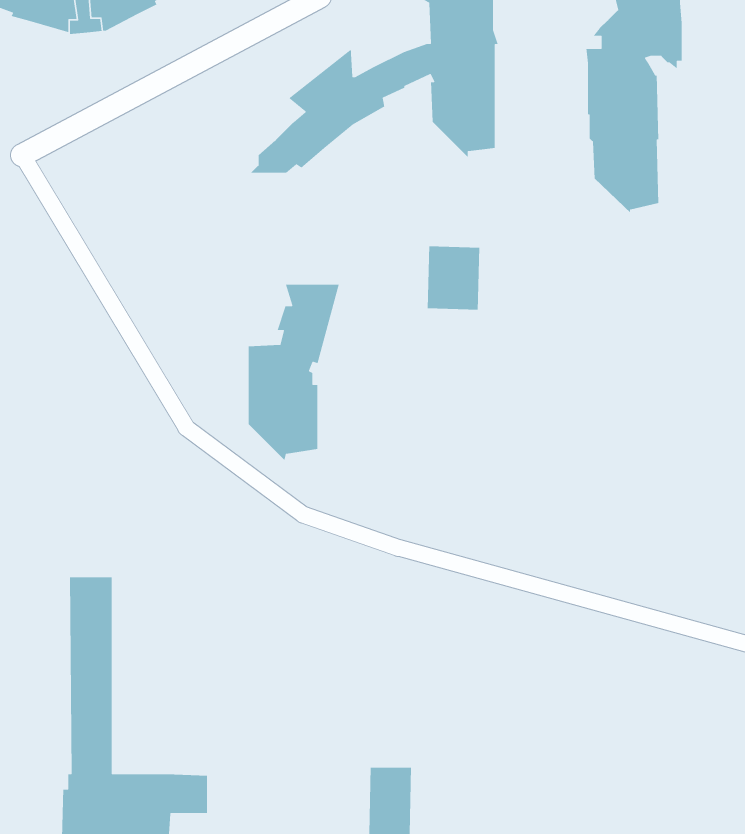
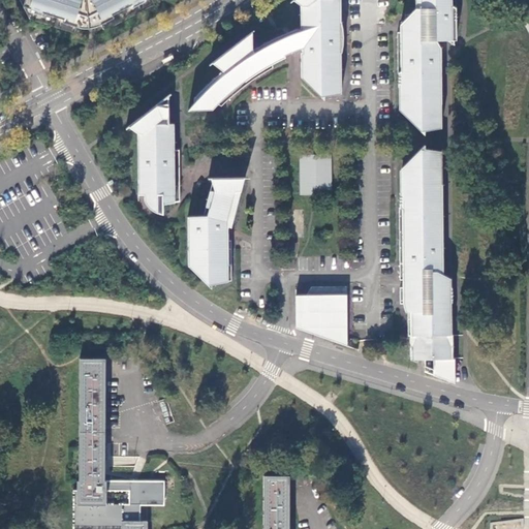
building: none -> [129,95,180,213]
building: none -> [399,147,455,375]
building: none -> [297,286,347,346]

